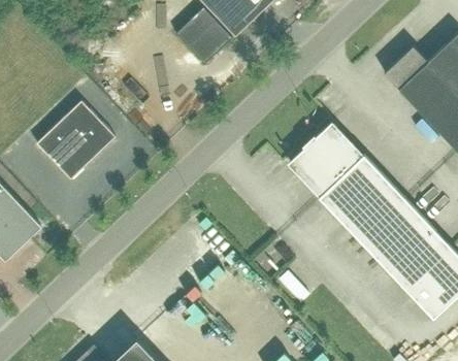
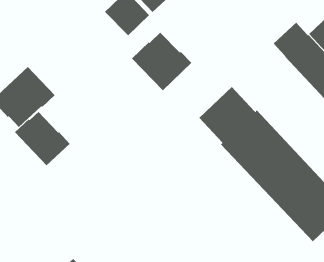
building: none -> [131,32,192,91]
building: none -> [14,111,71,166]

